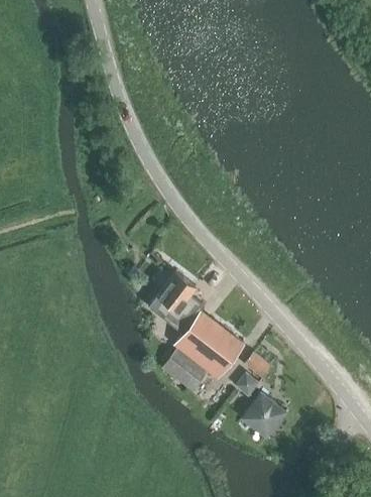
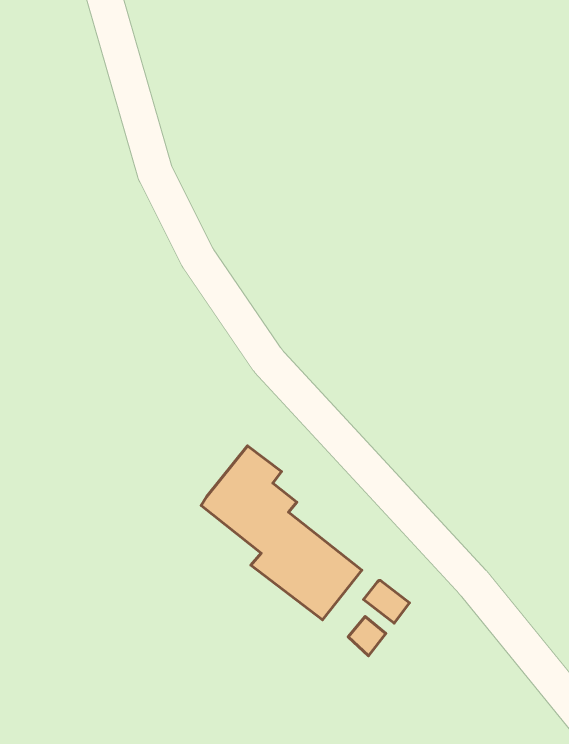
building: [162,348,208,391] -> none
building: [242,391,290,438] -> none

